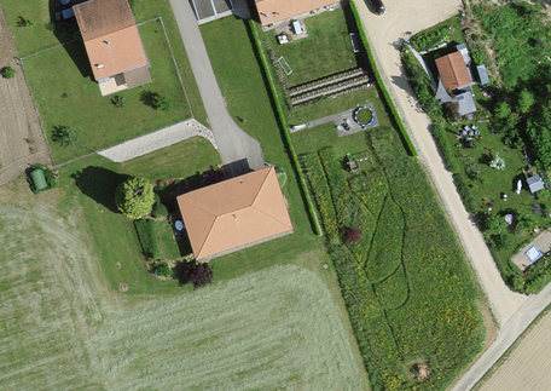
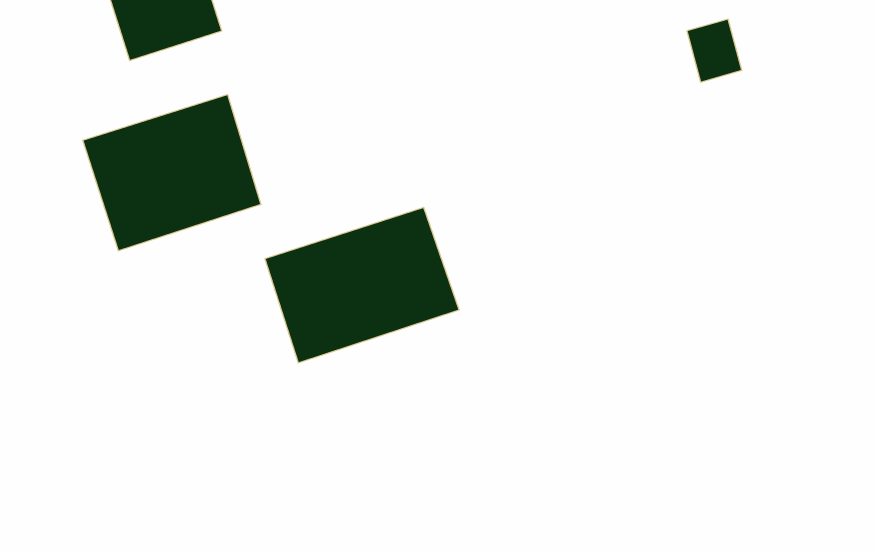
building: none -> [83,95,261,251]

